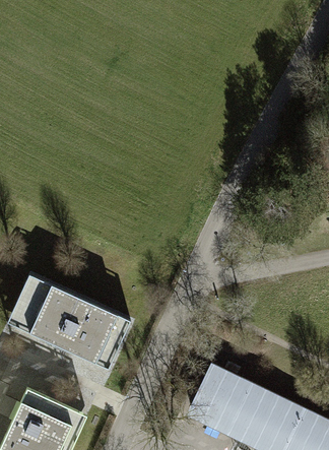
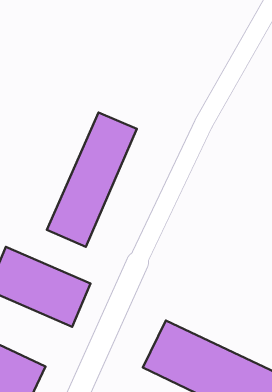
building: none -> [47,113,137,247]

